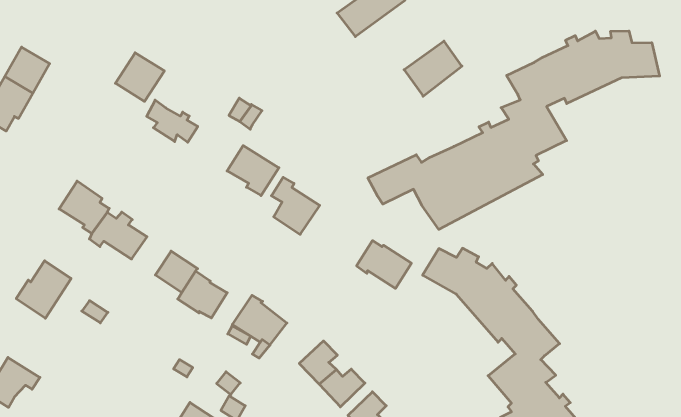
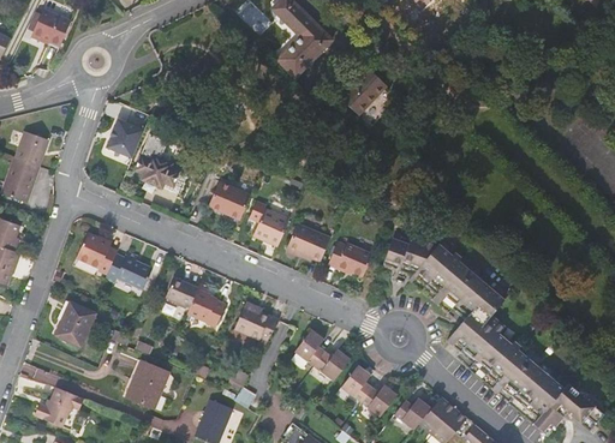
building: [368,31,660,229] -> none
building: none -> [286,222,330,261]
building: none -> [126,360,169,407]

